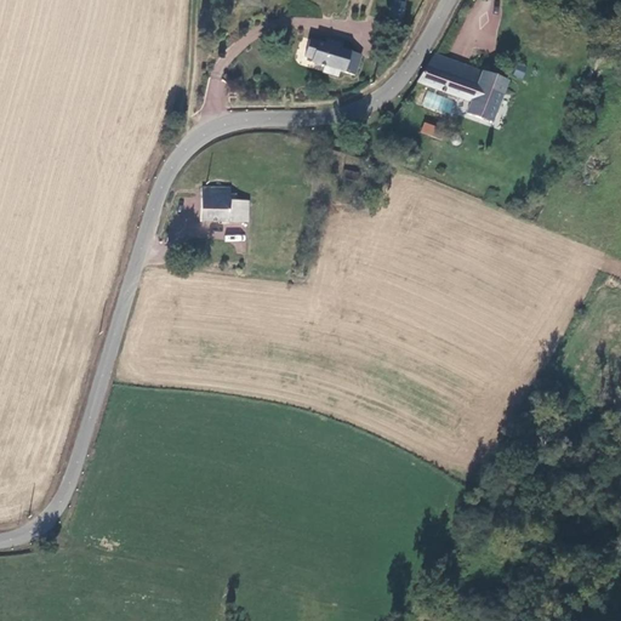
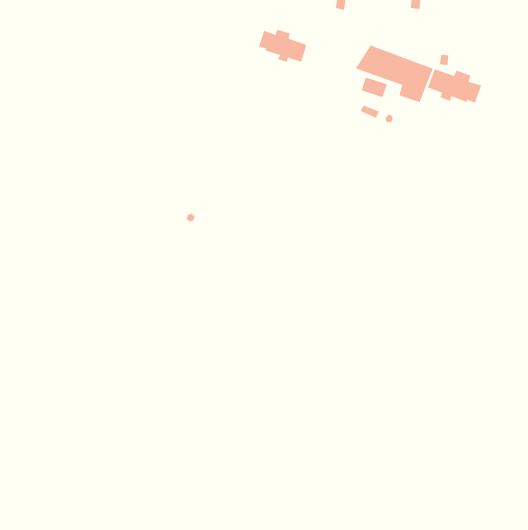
building: none -> [427,69,482,104]
building: [201,186,245,221] -> none

